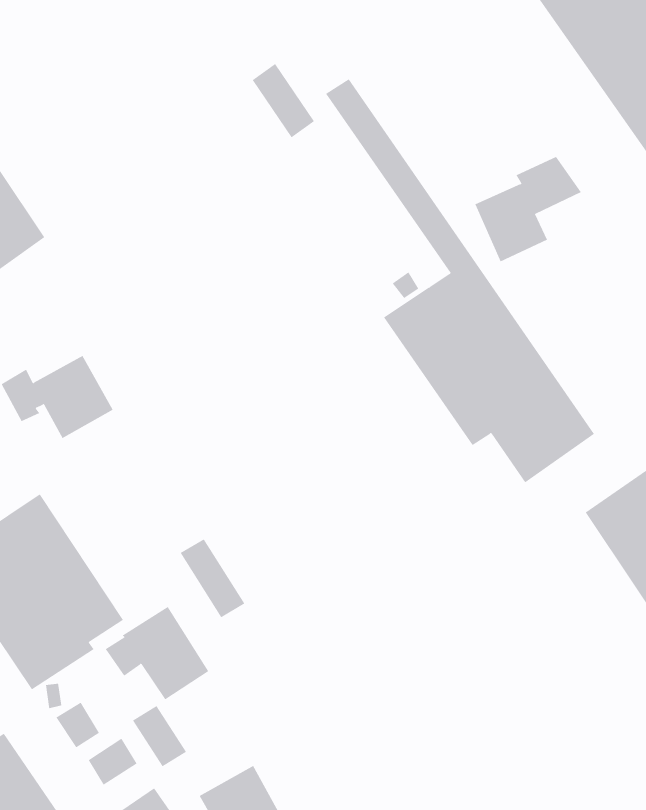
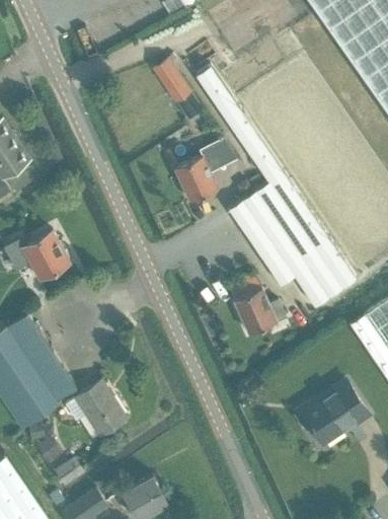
building: [474,156,582,262] -> [175,140,239,203]
building: none -> [234,288,288,336]
building: [180,538,245,618] -> none
building: none -> [297,383,370,443]
building: [132,705,187,767] -> none

